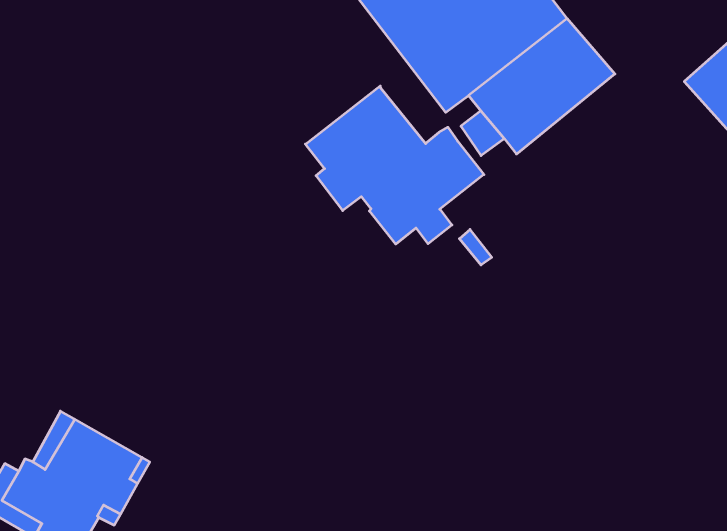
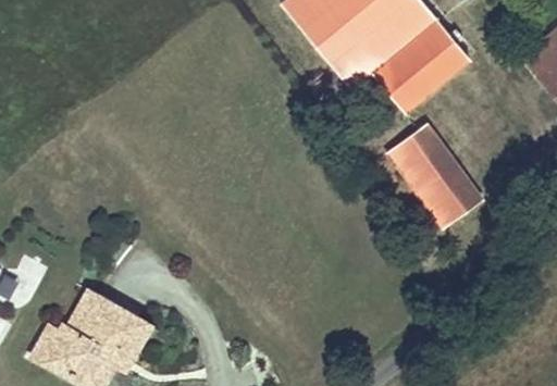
building: [305,86,484,244] -> none
building: none -> [391,125,485,227]

